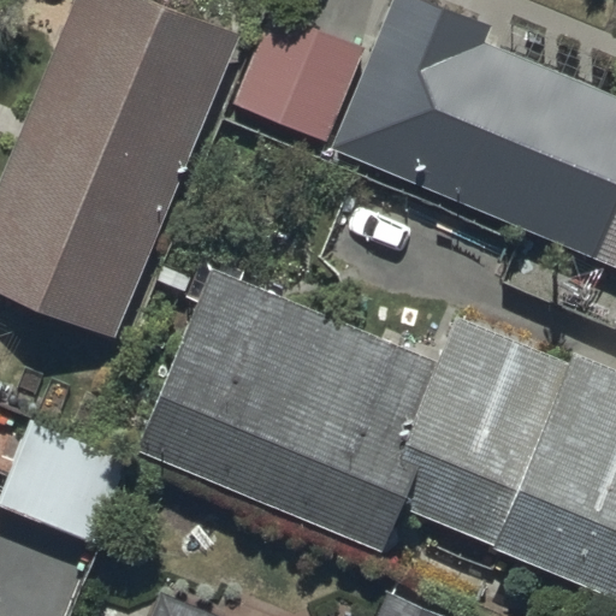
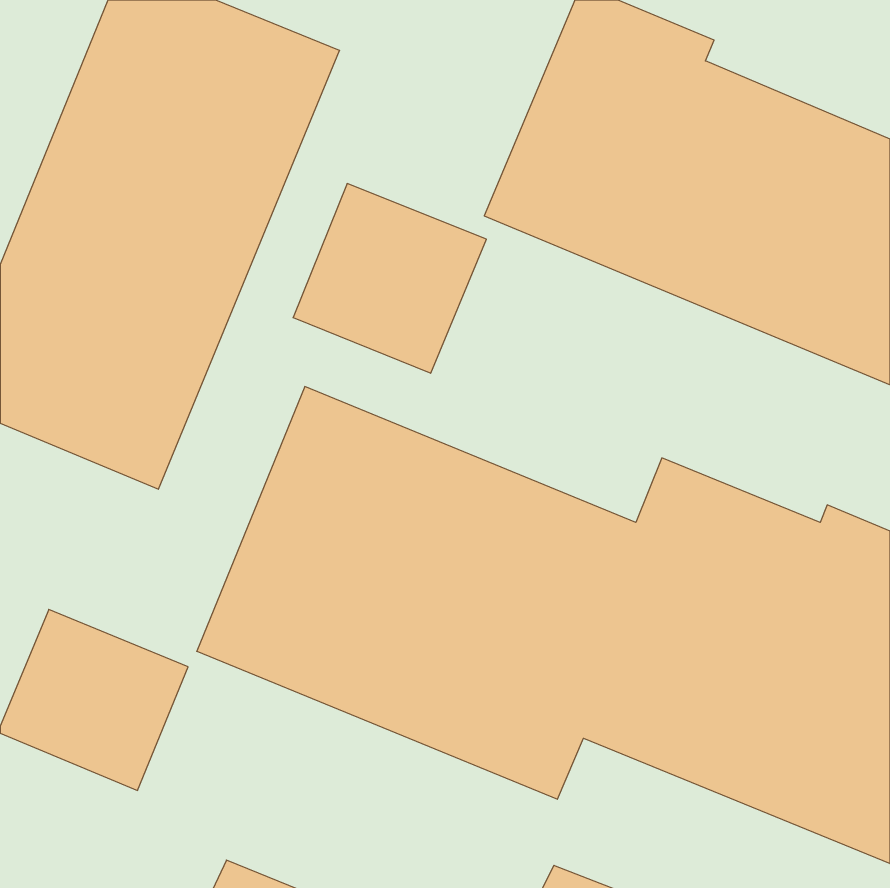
building: [239,13,373,144] -> [293,184,486,373]

